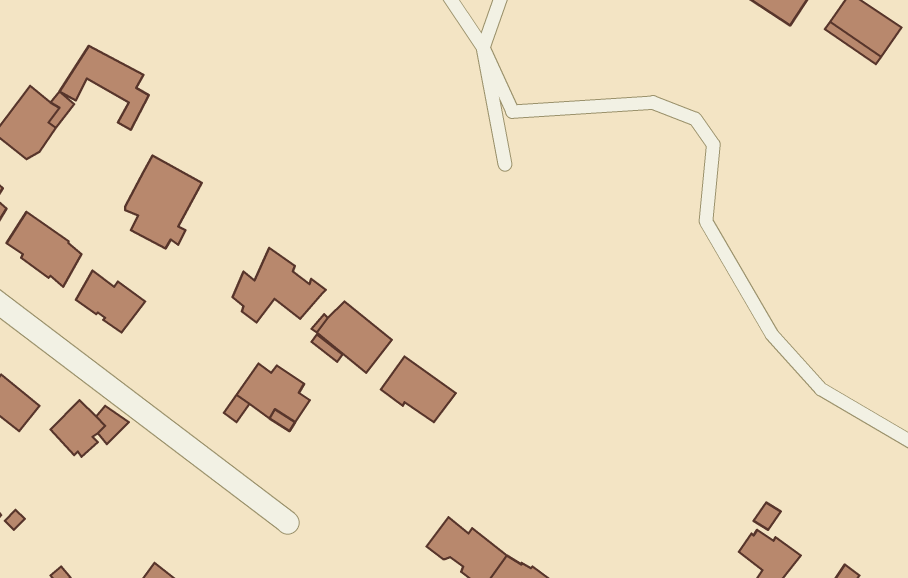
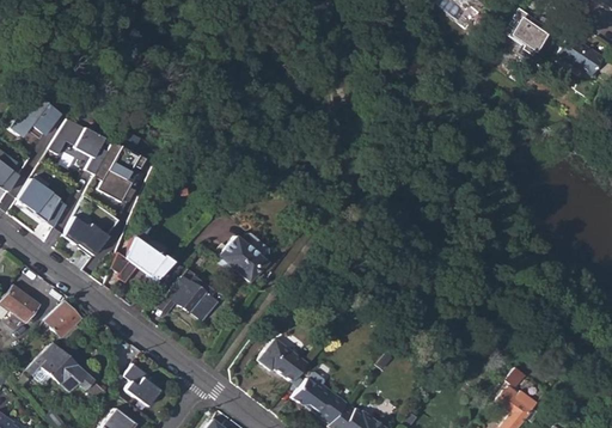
building: [59,46,149,130] -> [49,120,108,175]
building: [233,248,326,323] -> [114,234,175,283]
building: [381,357,456,422] -> [258,338,307,381]
building: none -> [27,342,108,402]
building: none -> [120,360,165,403]

